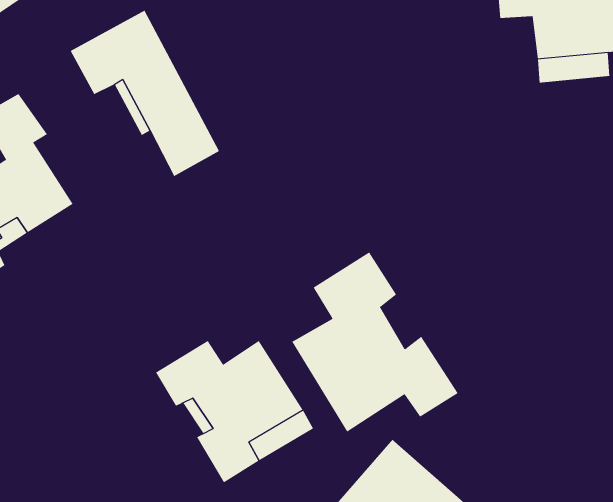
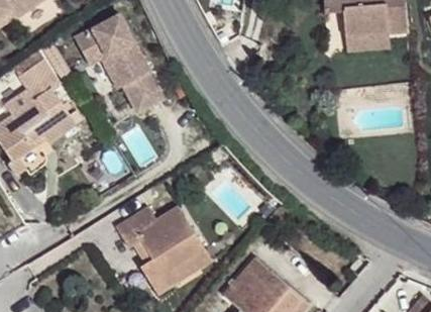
building: [291,252,459,433] -> none

